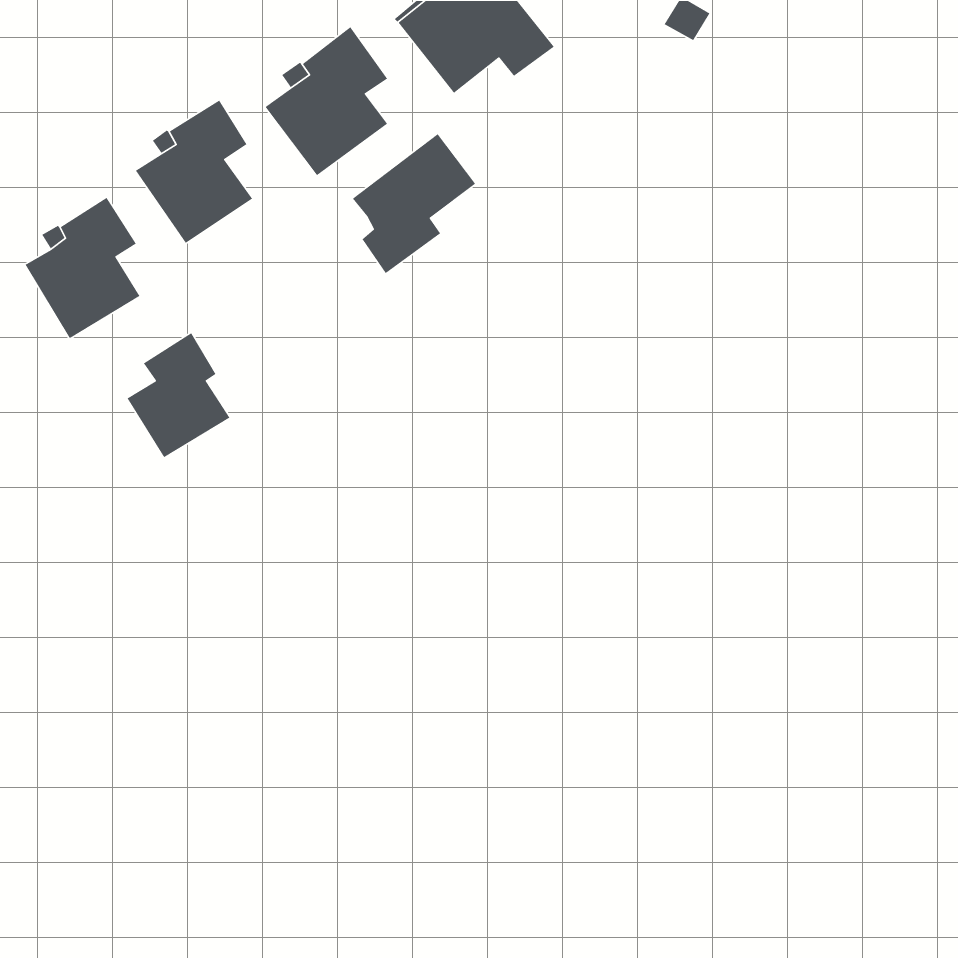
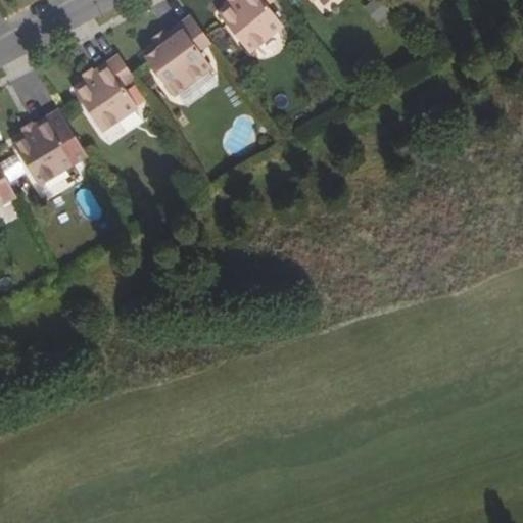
building: [352,133,476,274] -> none
building: [127,332,230,458] -> none

